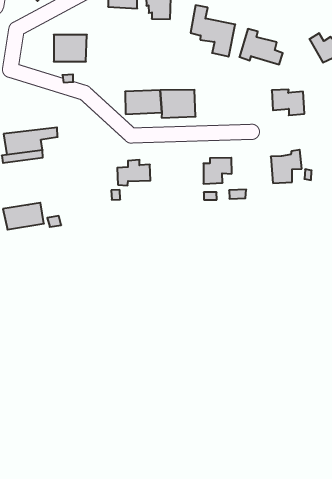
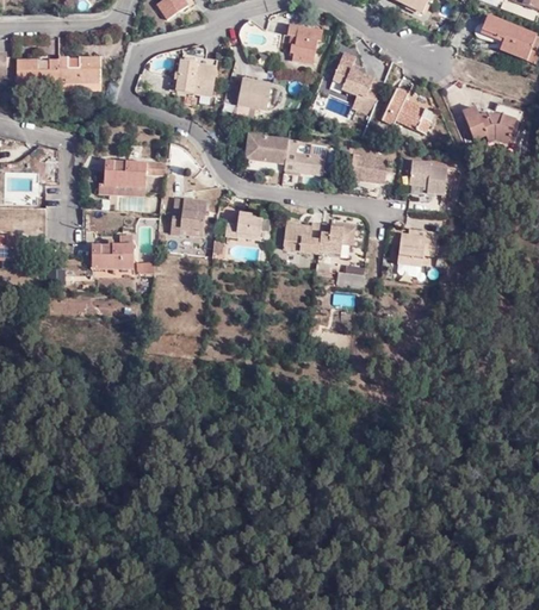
building: none -> [235,79,271,119]
building: none -> [349,155,388,182]
building: none -> [169,198,207,236]
building: none -> [283,224,322,253]

